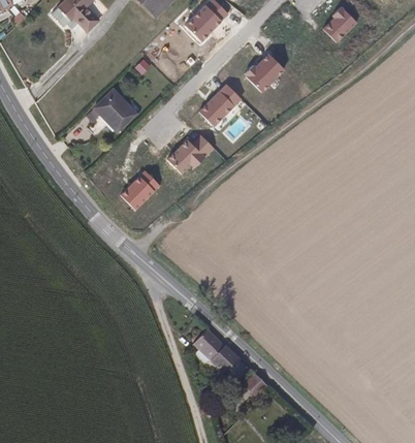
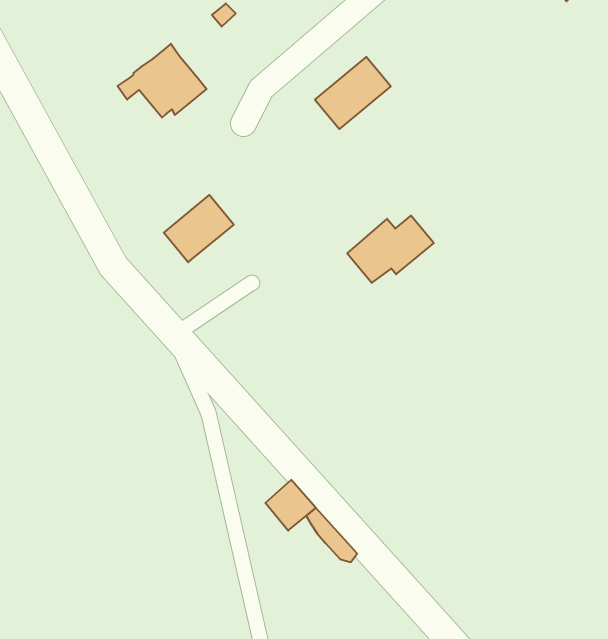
building: [244,55,283,91] -> none
building: [166,134,215,175] -> [347,216,434,283]

